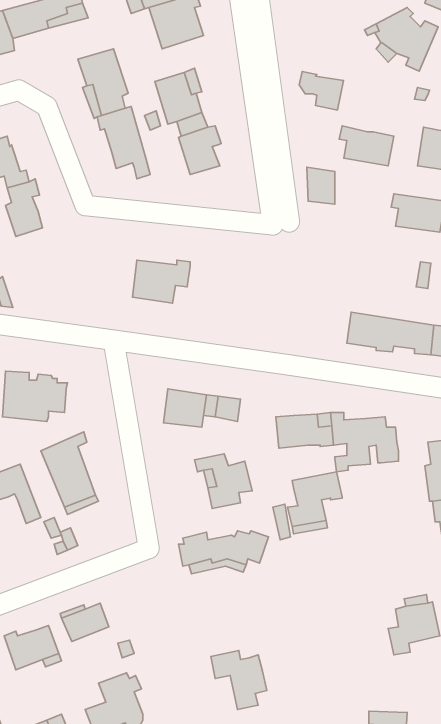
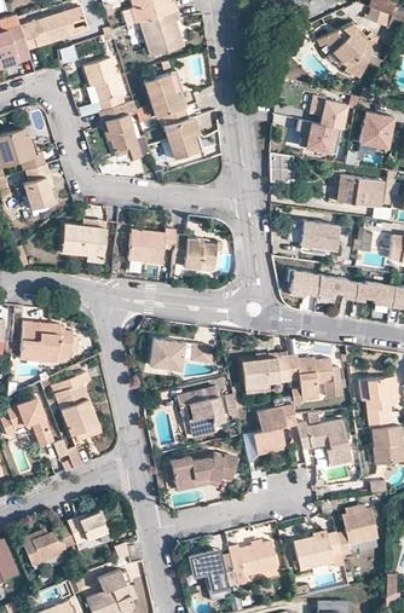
building: [299,72,343,110] -> [311,97,347,128]
building: none -> [289,221,340,251]
building: none -> [62,222,104,261]
building: none -> [171,235,217,272]
building: none -> [299,418,352,463]
building: none -> [294,531,341,569]
building: none -> [229,540,278,582]

